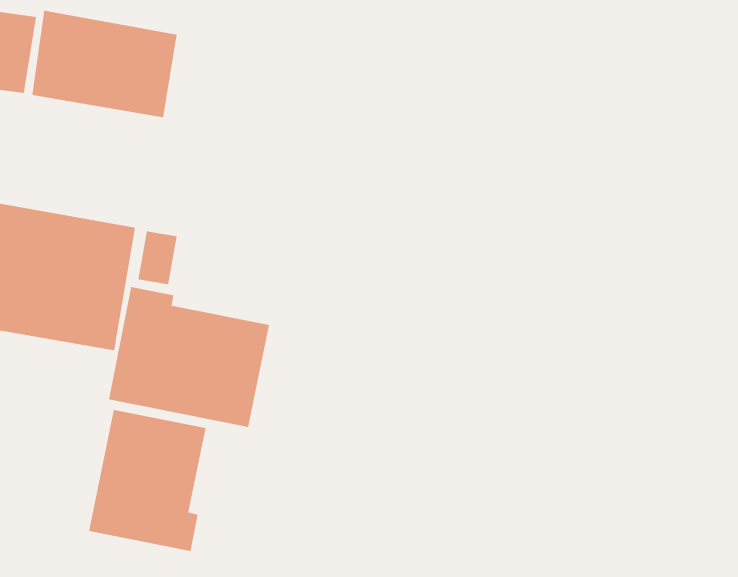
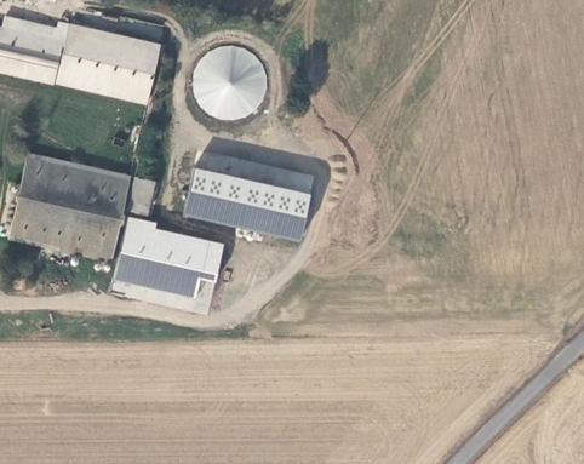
building: none -> [184,39,273,126]
building: none -> [184,150,315,240]
building: [89,409,206,552] -> none

